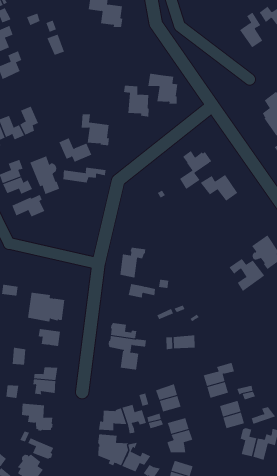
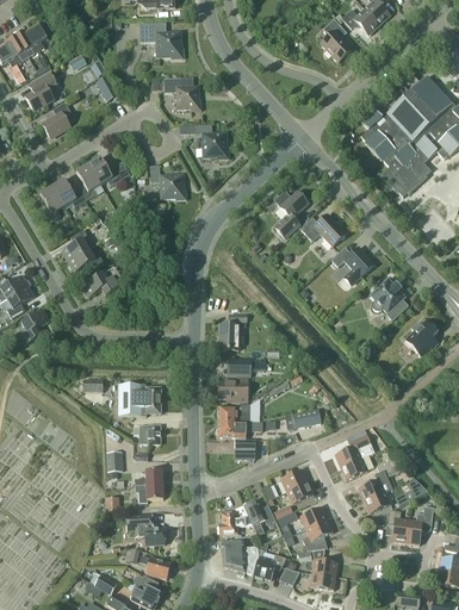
building: [148,73,178,104] -> [163,77,201,111]
building: [59,138,92,162] -> [88,157,130,186]
building: [30,156,60,195] -> none
building: [63,167,106,183] -> none
building: [229,258,265,292] -> [330,247,374,286]
building: none -> [218,375,248,402]

